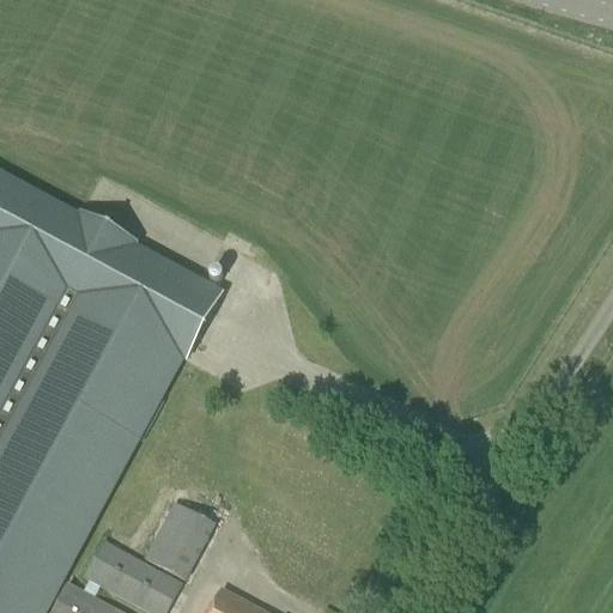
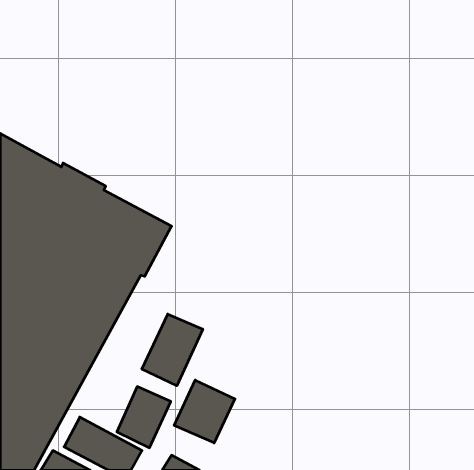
building: none -> [142,314,203,386]
building: none -> [174,380,235,443]

